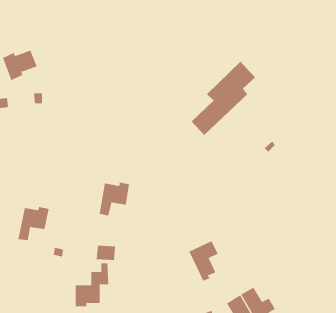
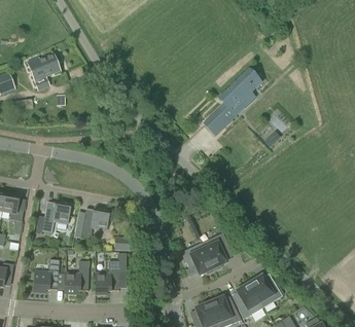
building: [99,182,130,216] -> [80,207,109,239]
building: none -> [181,242,214,274]
building: none -> [33,258,59,291]
building: none -> [64,260,88,293]

